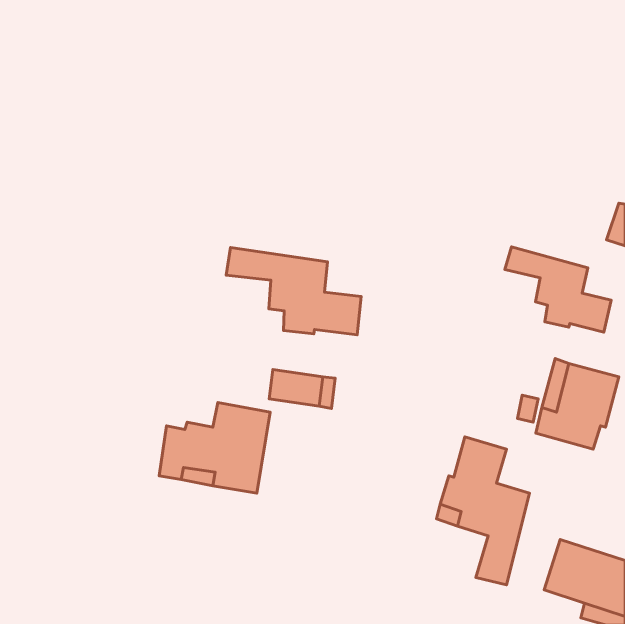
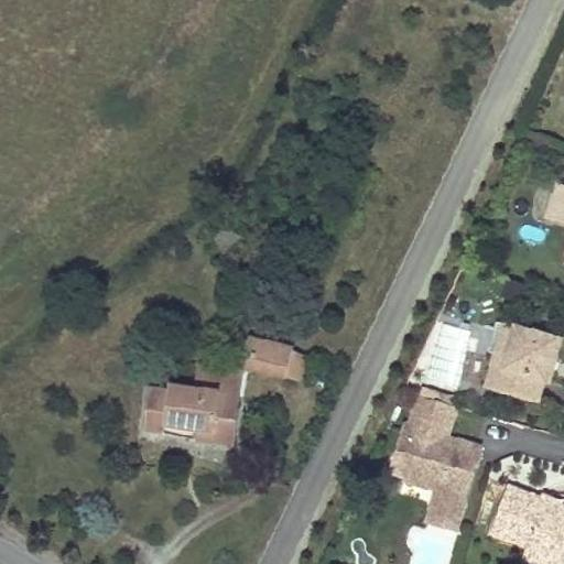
building: [505,247,611,332] -> none
building: [226,248,361,335] -> none

